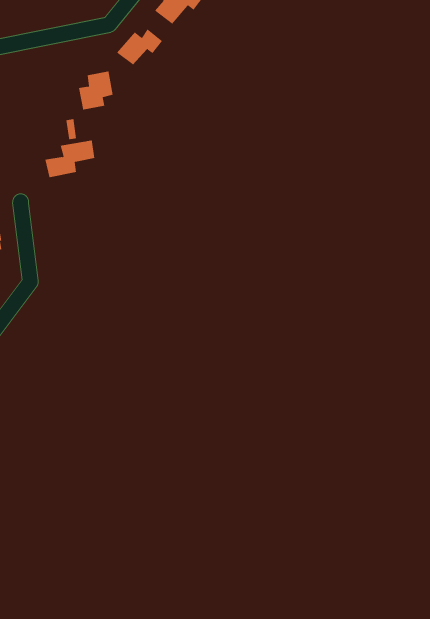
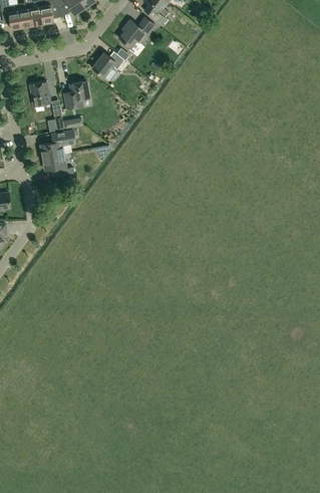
building: none -> [30,81,50,105]
building: none -> [43,153,74,176]

